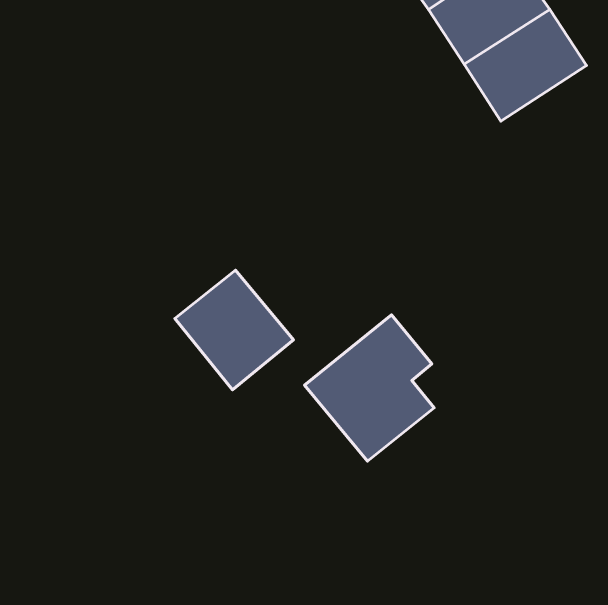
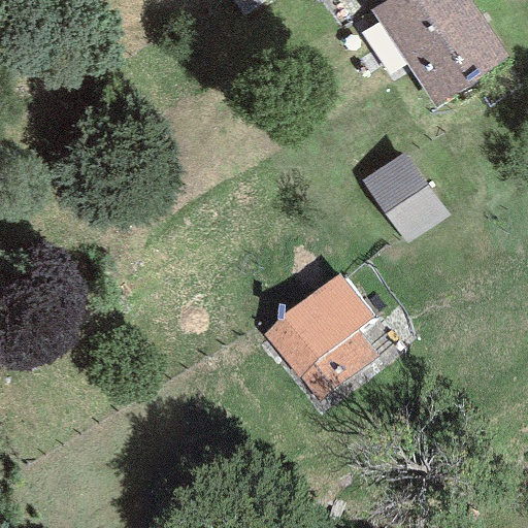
building: none -> [361,150,449,243]
building: [175,270,293,390] -> none

